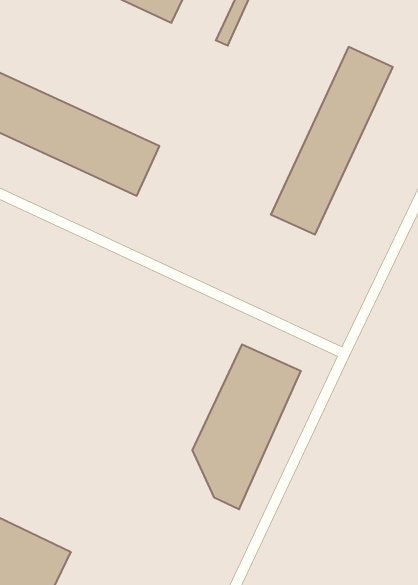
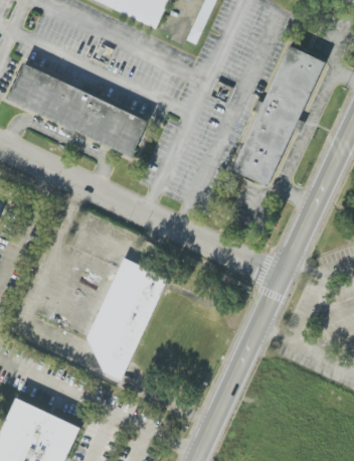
building: [192,344,301,509] -> [86,258,168,381]

